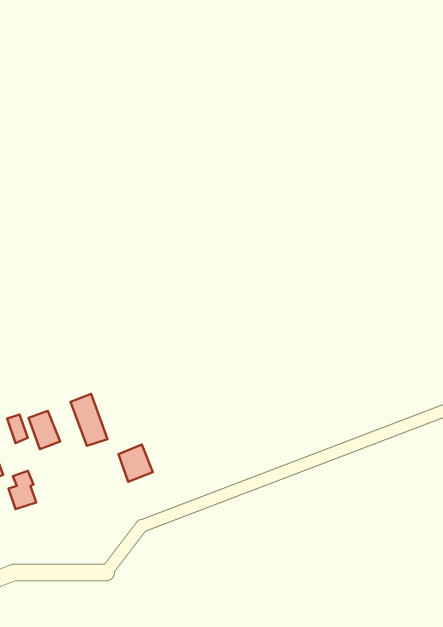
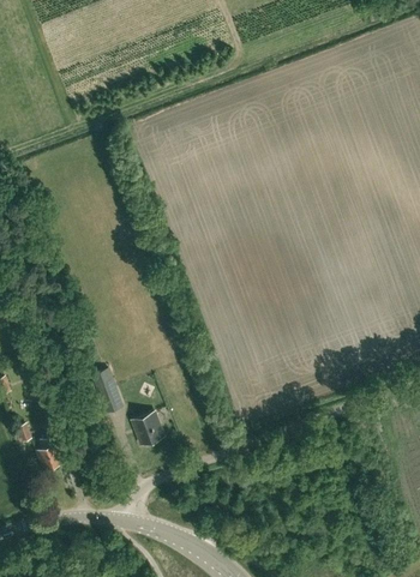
building: [28,411,60,449] -> none

